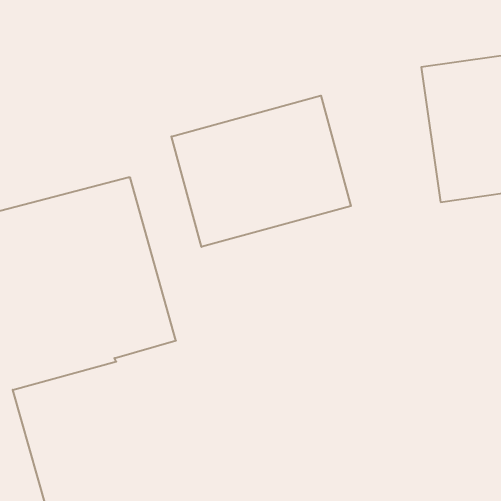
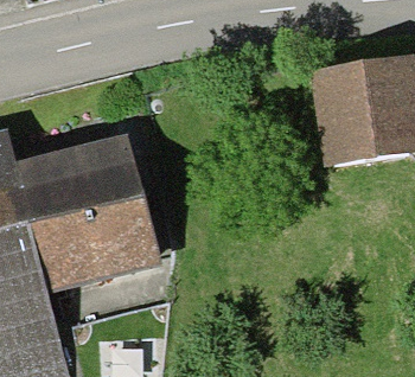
building: [171,96,351,247] -> none

